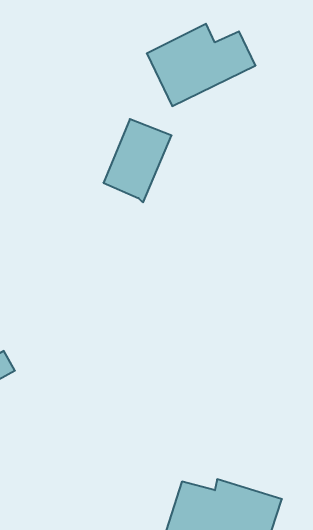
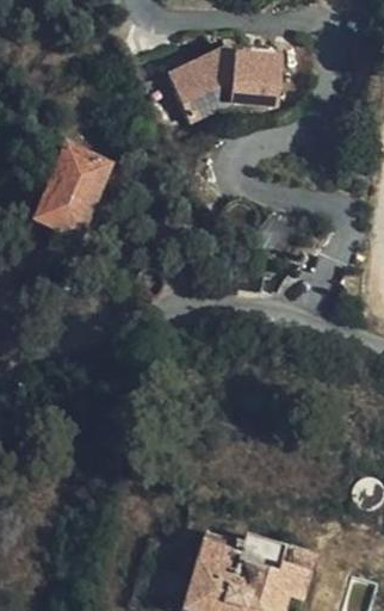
building: [103,119,172,202] -> [35,150,109,241]

